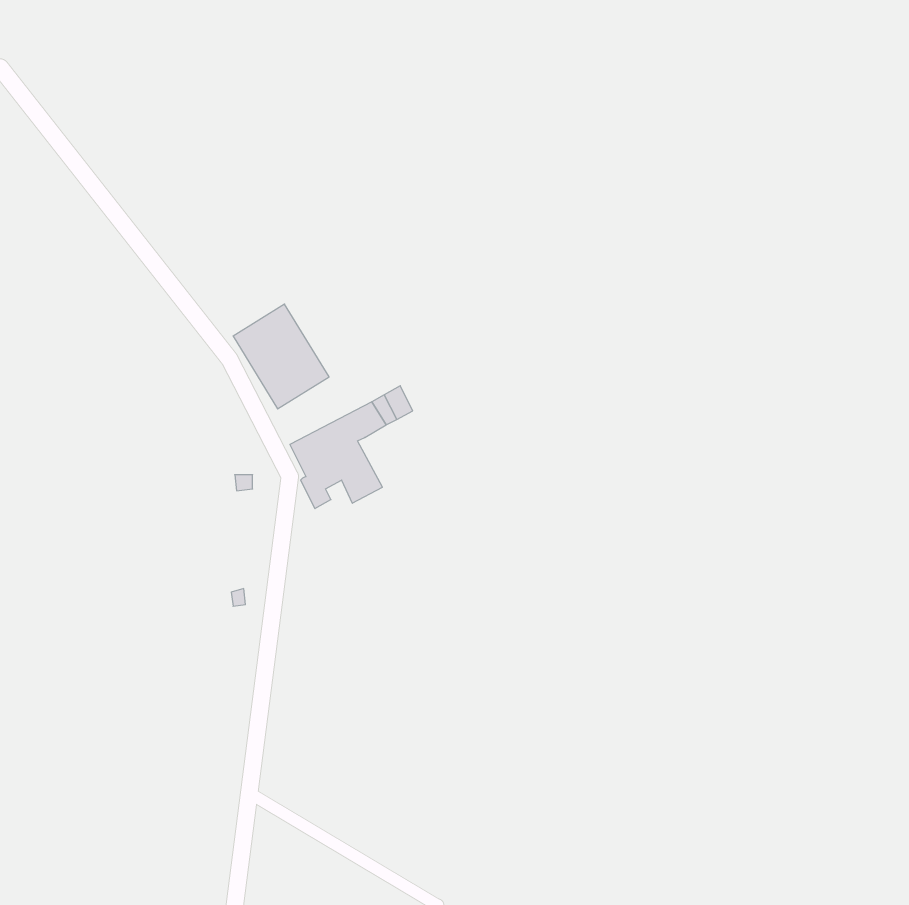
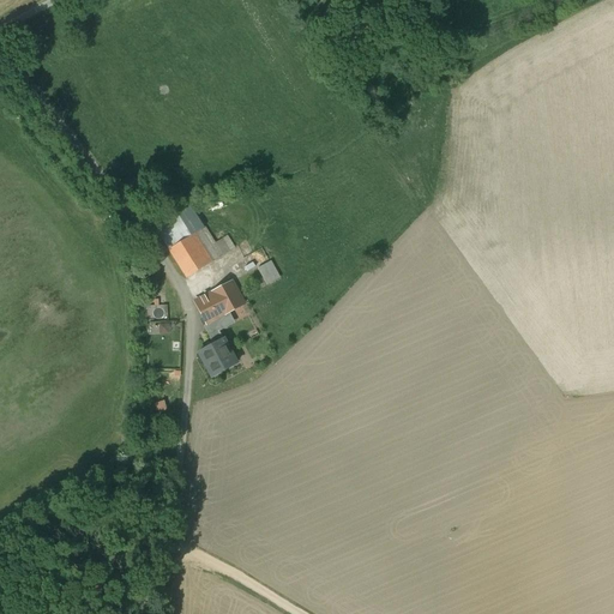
building: none -> [199,337,236,375]

